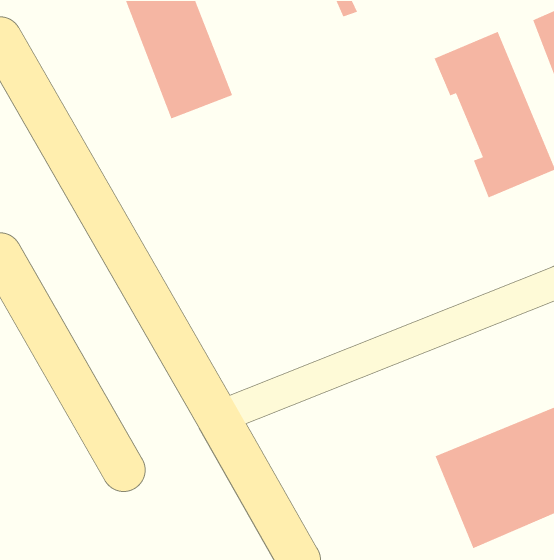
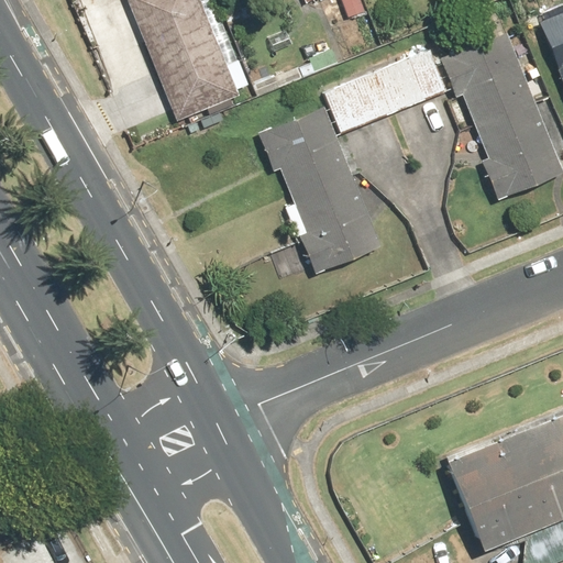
building: none -> [323,47,451,136]
building: none -> [255,104,383,274]

